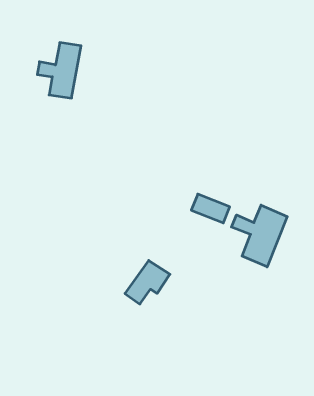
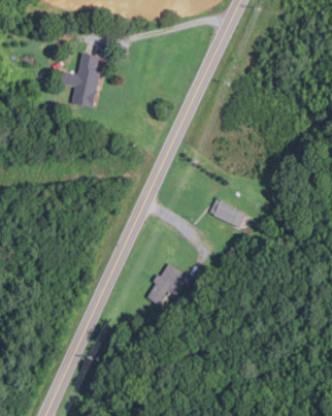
building: [231,205,287,267] -> none

